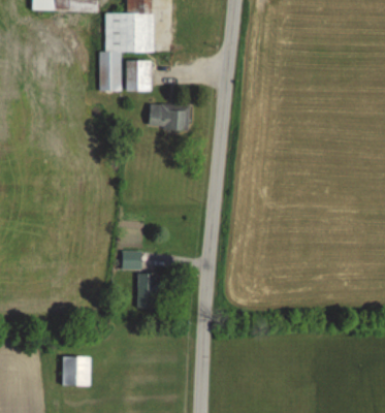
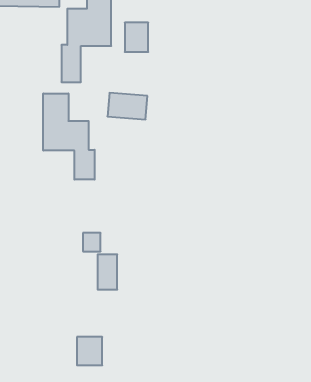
building: [126,60,151,91] -> [125,23,148,52]
building: none -> [43,93,95,180]
building: [62,356,89,386] -> [77,337,102,365]

